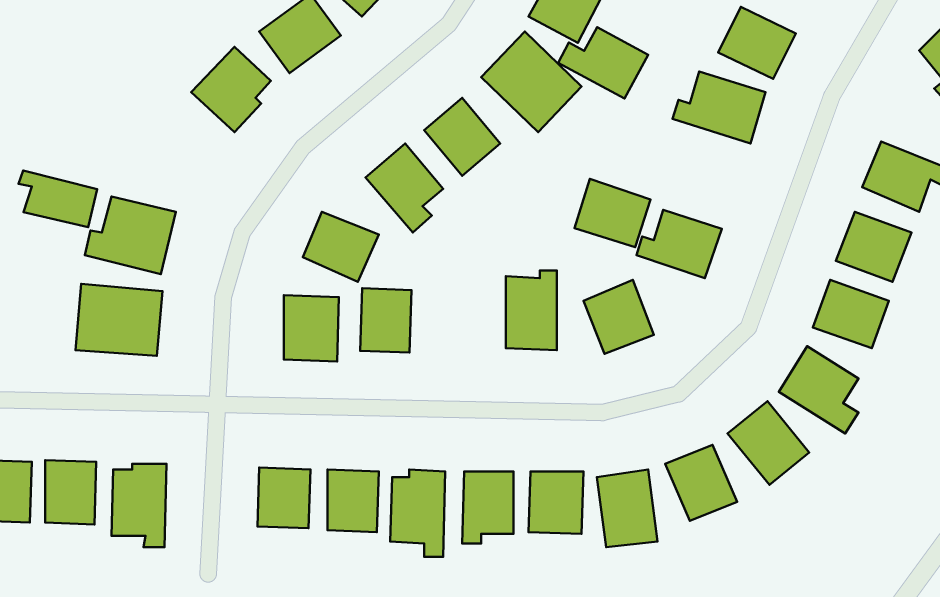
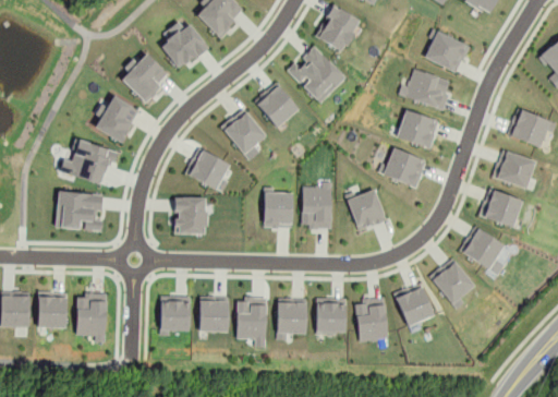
building: [558,27,648,99] -> none
building: none -> [94,95,138,142]
building: [18,170,97,227] -> none
building: [575,179,650,247] -> [396,109,439,148]
building: [360,288,411,353] -> [263,191,292,228]

